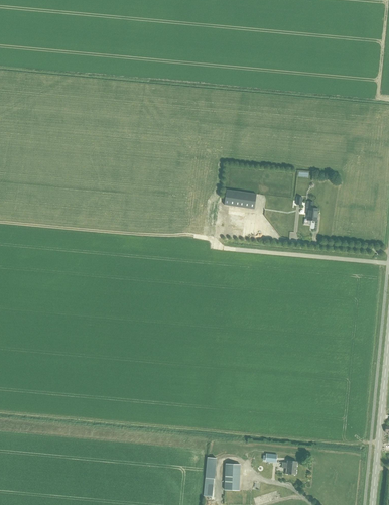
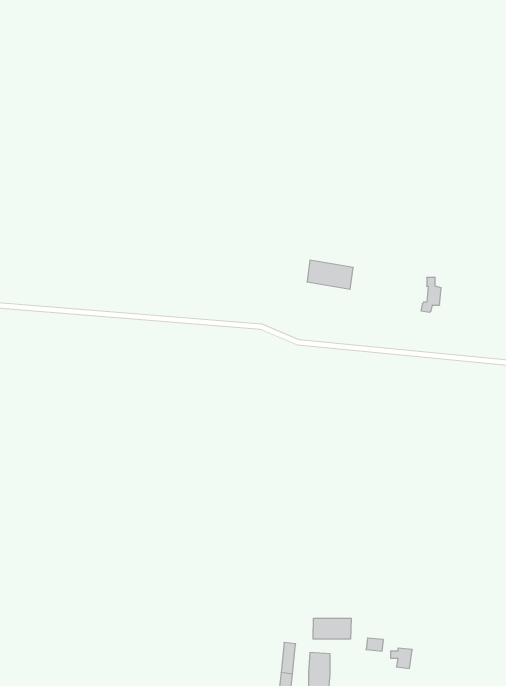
building: none -> [313,618,351,639]

